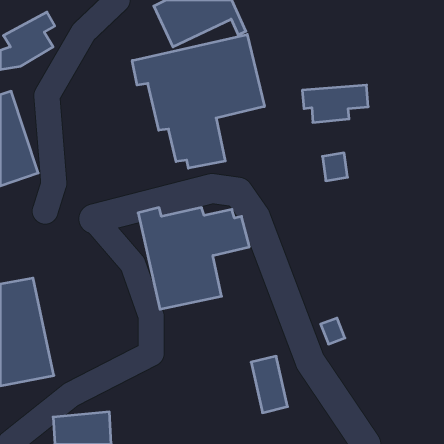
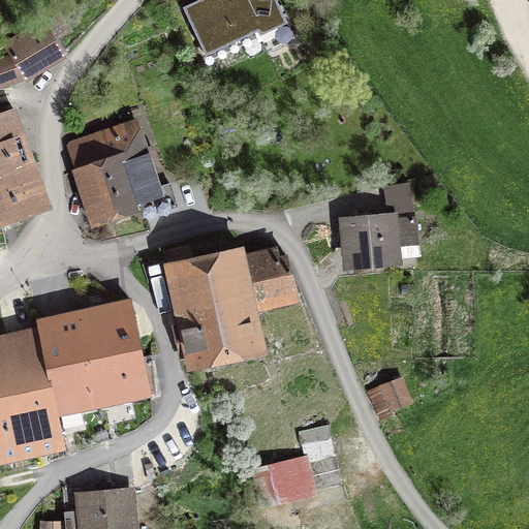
building: [132,34,264,168] -> none
building: [302,85,368,122] -> [338,218,416,262]
building: none -> [69,126,177,225]
building: none -> [37,302,150,413]
building: none -> [256,461,312,502]

